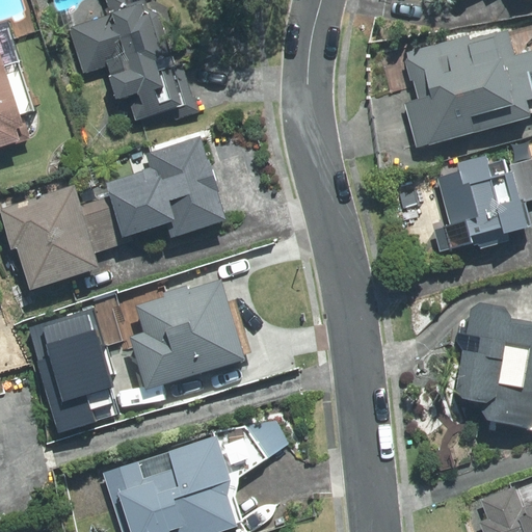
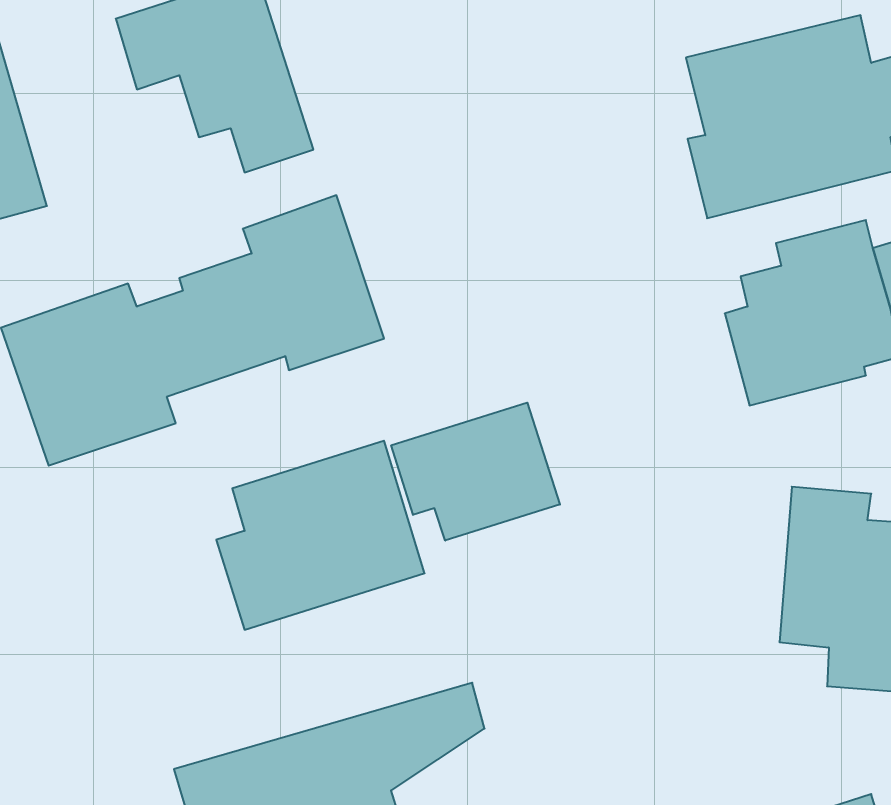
building: none -> [391,403,560,541]
building: [26,310,114,431] -> none

